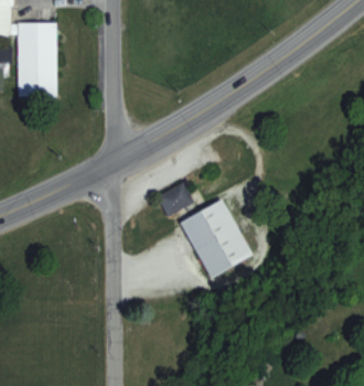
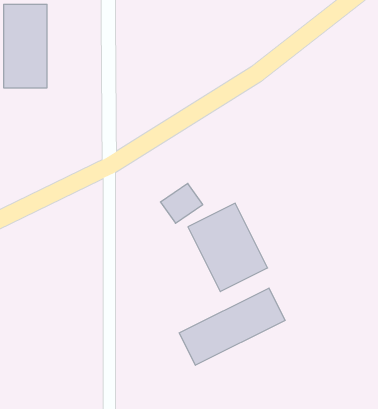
building: none -> [179,288,285,365]

